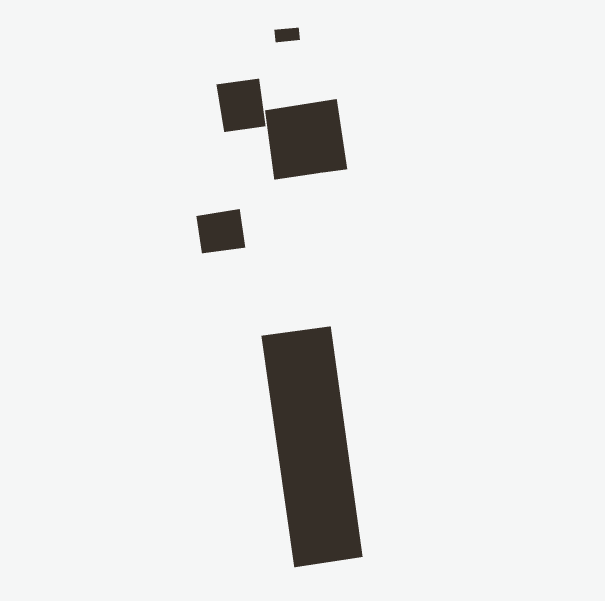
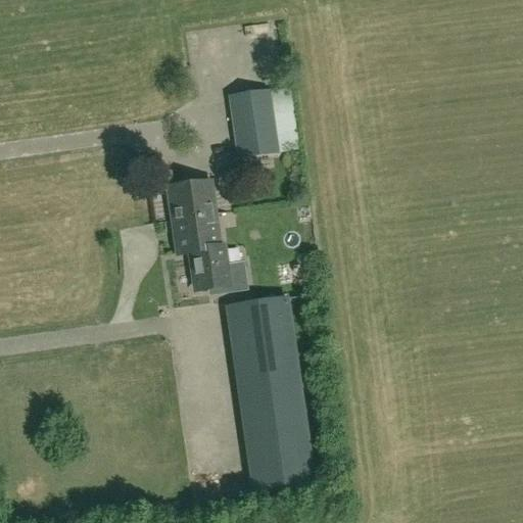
building: [216,78,266,133] -> none
building: none -> [174,213,227,288]

